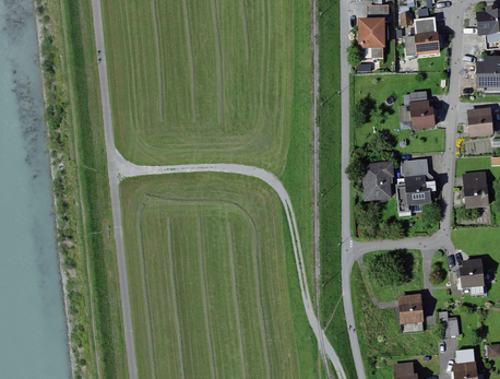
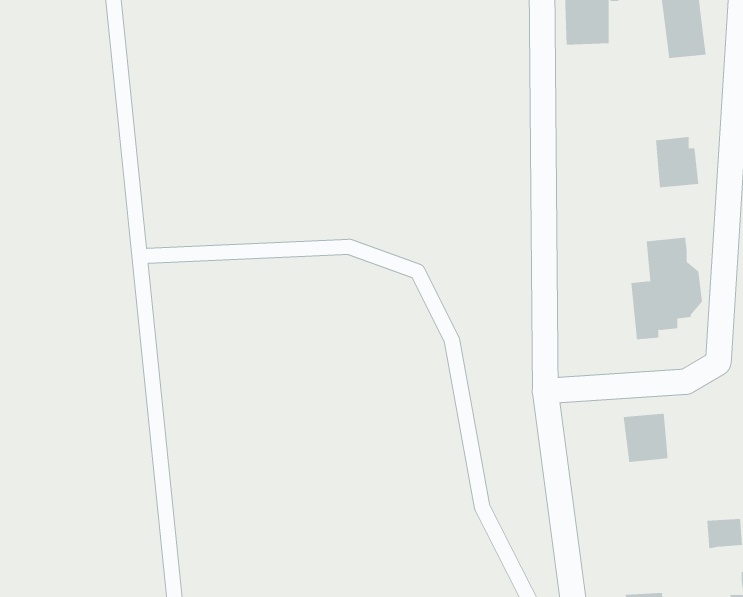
building: [361,162,393,202] -> none
building: [398,296,425,324] -> [623,413,668,462]

